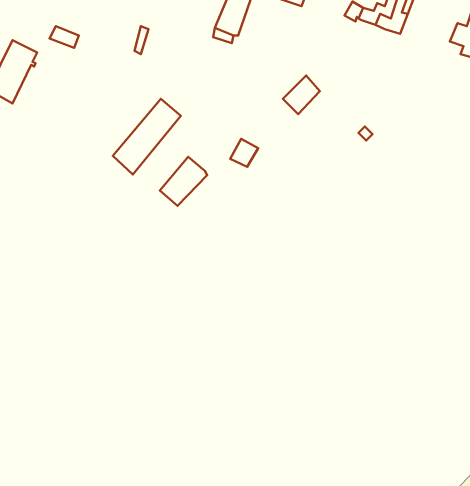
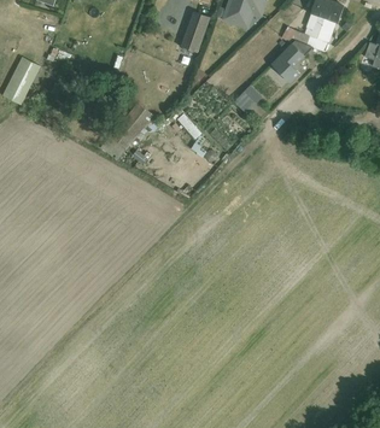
building: none -> [270,40,312,83]
building: [160,157,207,206] -> none

